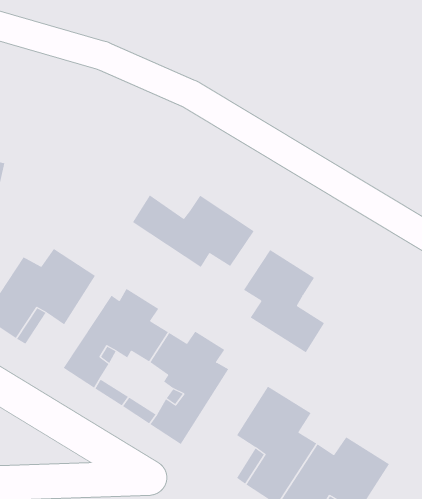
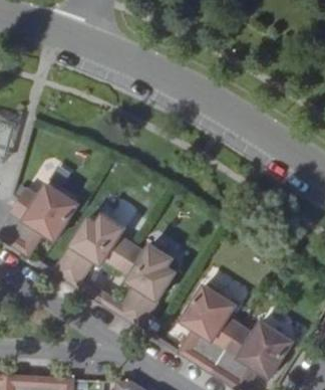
building: [132,195,255,268] -> none
building: [243,249,325,353] -> none

